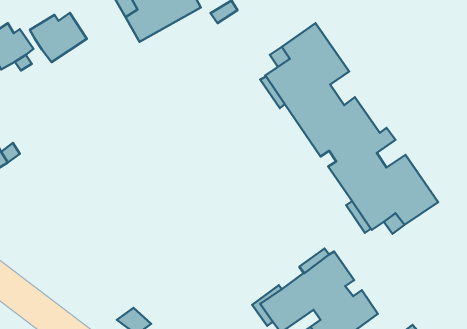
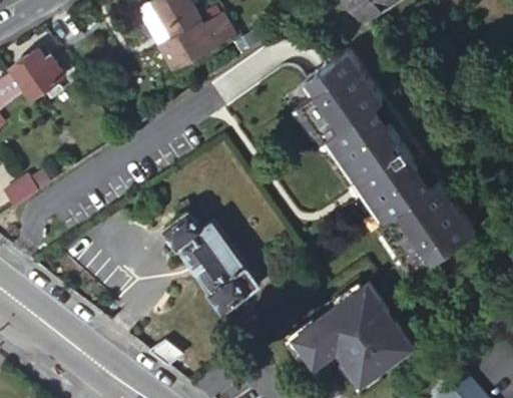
building: [30,13,87,62] -> none
building: none -> [164,208,260,314]

